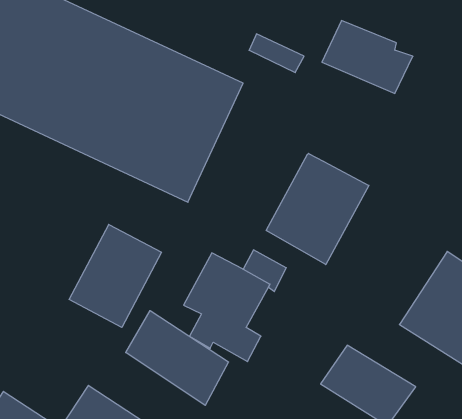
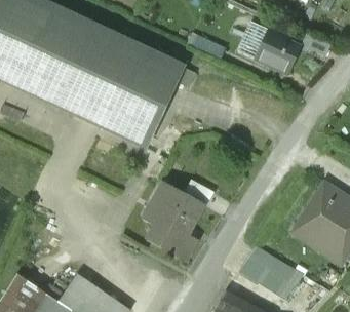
building: [266,153,369,265] -> none
building: [69,224,161,327] -> none
building: [126,311,229,405] -> none

